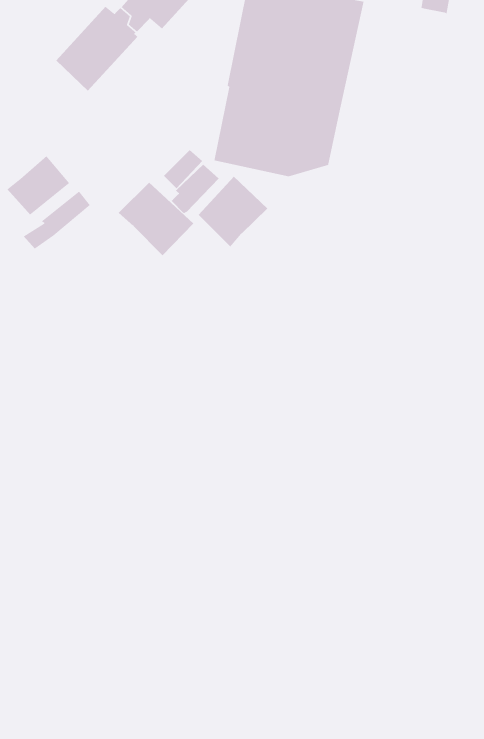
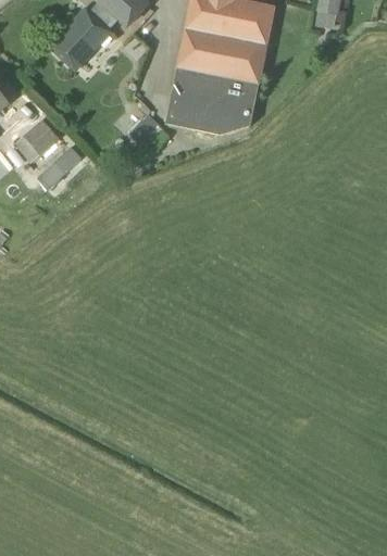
building: [198,176,268,247] -> none
building: [118,182,194,256] -> none

